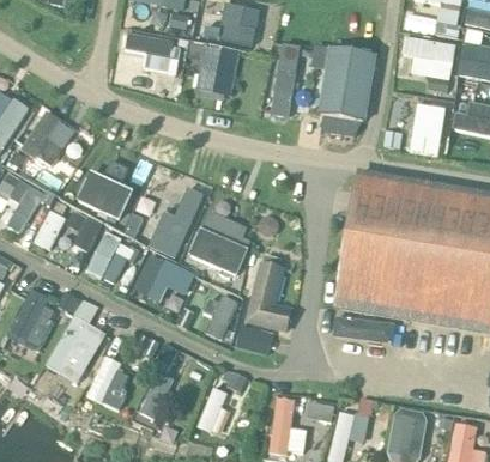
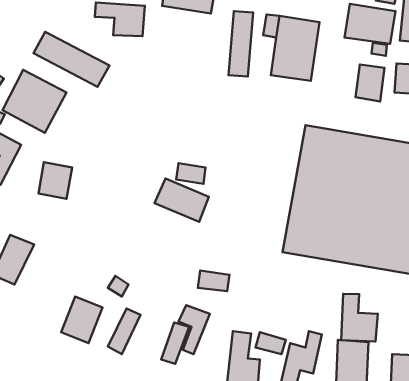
building: [196,47,237,97] -> none
building: none -> [33,32,109,87]
building: [75,171,134,221] -> none
building: [149,186,202,257] -> none
building: [32,209,66,251] -> none
building: [86,232,127,285] -> none
building: [137,256,182,298] -> none
building: [242,261,296,335] -> none
building: [204,296,237,341] -> none
building: [44,299,107,383] -> none
building: none -> [341,294,378,341]

